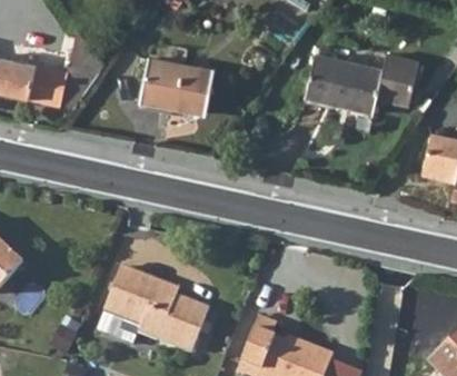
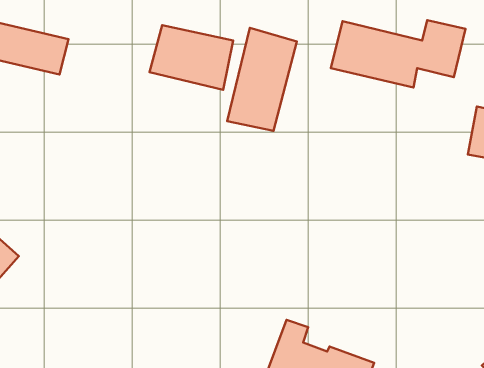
building: none -> [227,28,297,131]
building: [107,265,211,353] -> none

